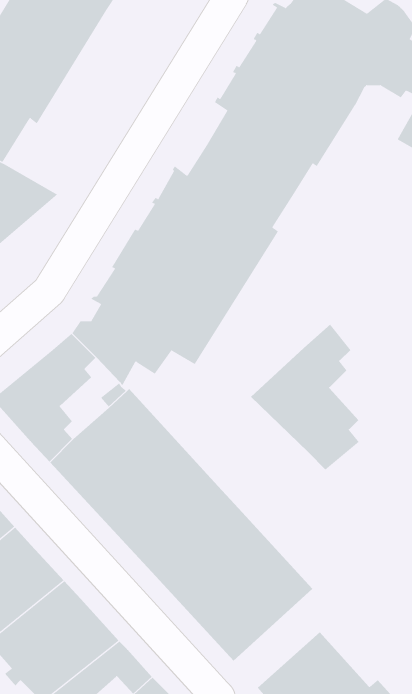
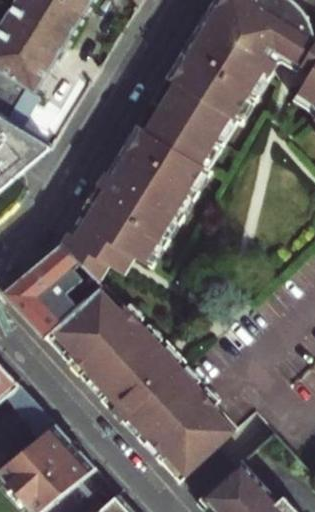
building: [250,324,359,471] -> none

